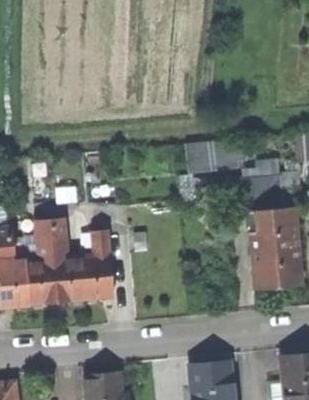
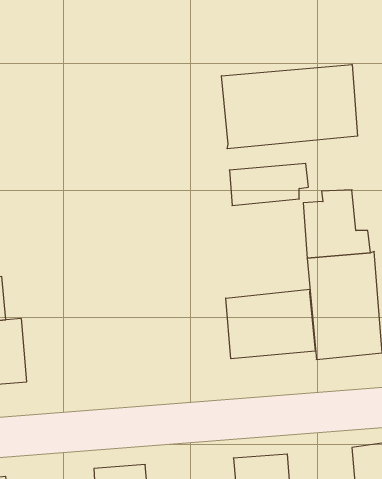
building: none -> [222,64,358,149]
building: [28,218,117,307] -> none
building: none -> [226,289,315,359]

